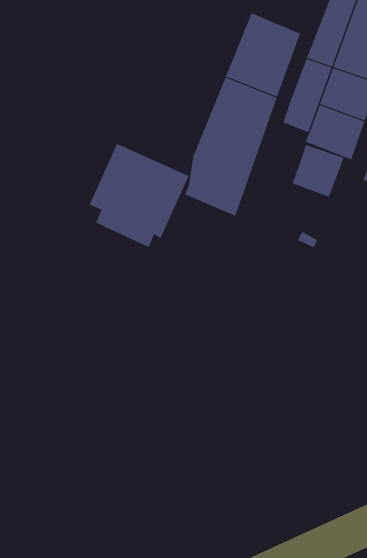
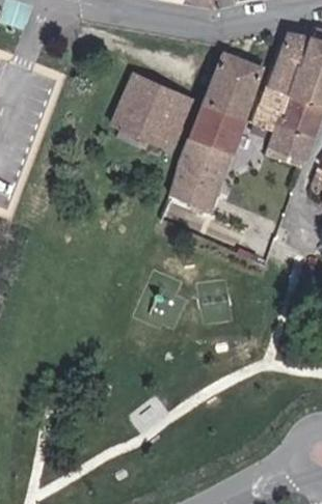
building: [89,143,190,248] -> [113,75,193,158]
building: [292,144,345,197] -> none

